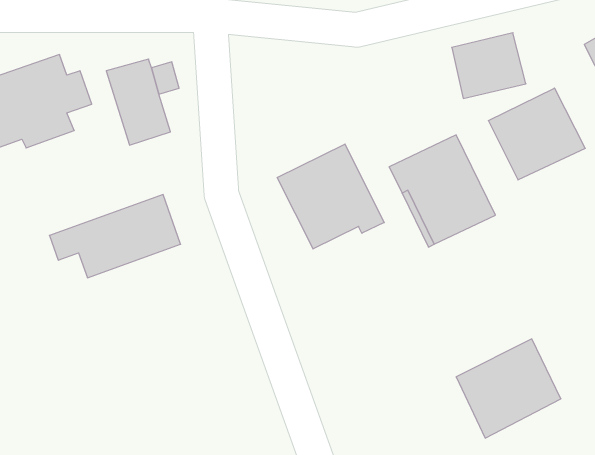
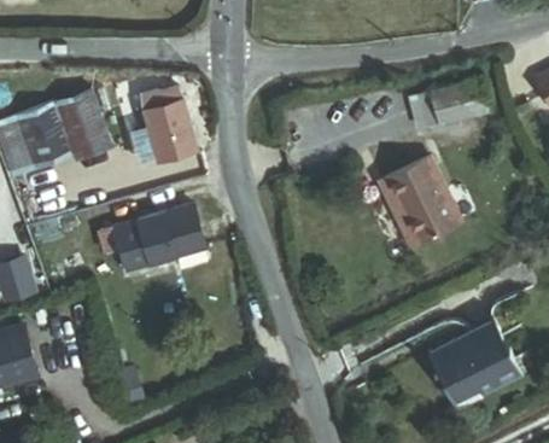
building: [488,88,585,180] -> none
building: [277,144,384,249] -> none

